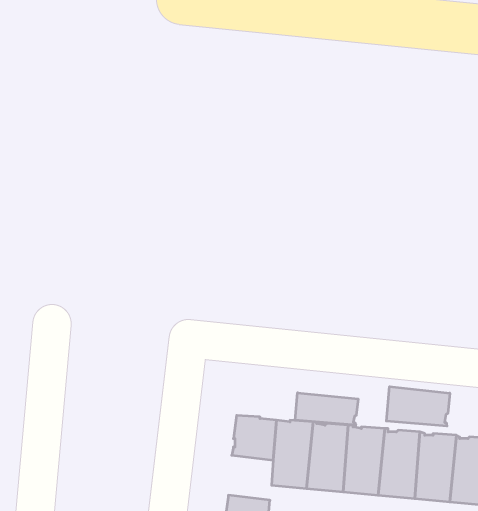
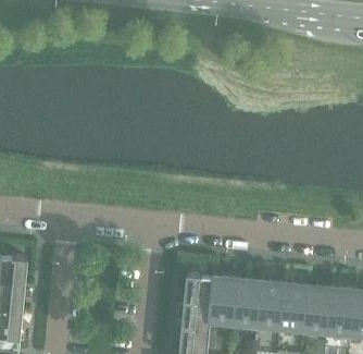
building: [386,387,450,426] -> none
building: [295,393,358,425] -> none
building: none -> [182,301,211,330]

